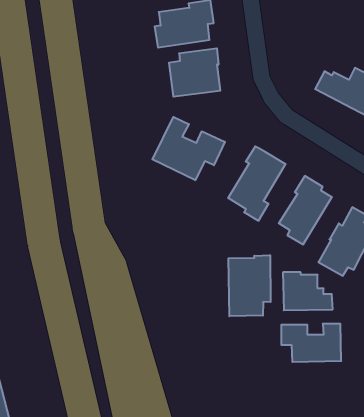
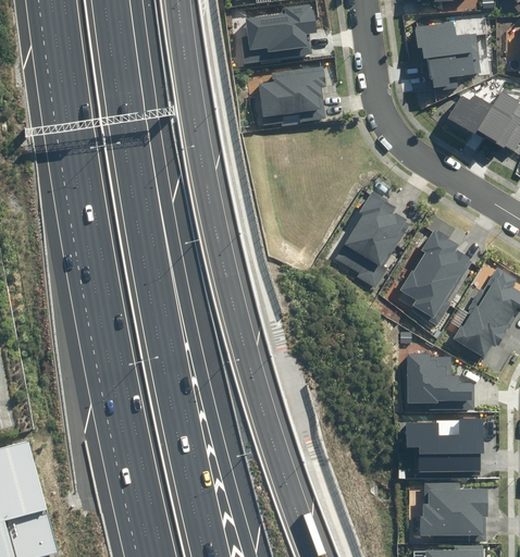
building: none -> [411,23,482,92]
building: [152,117,225,180] -> none
building: [228,255,271,316] -> none
building: none -> [420,483,486,535]

